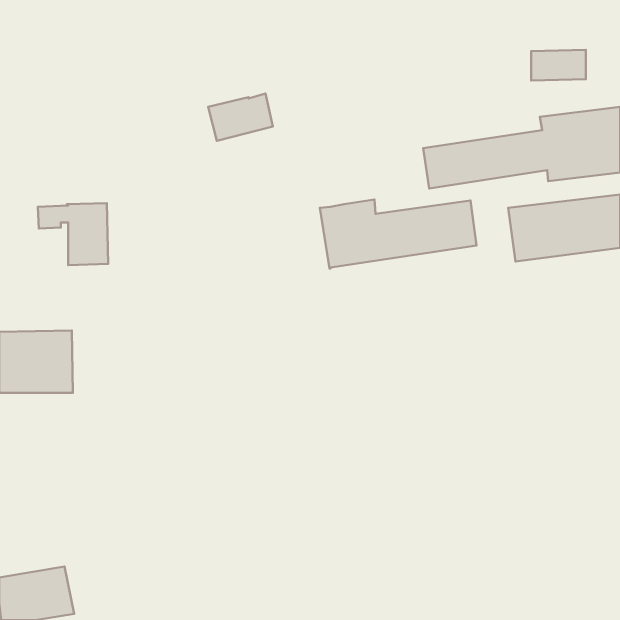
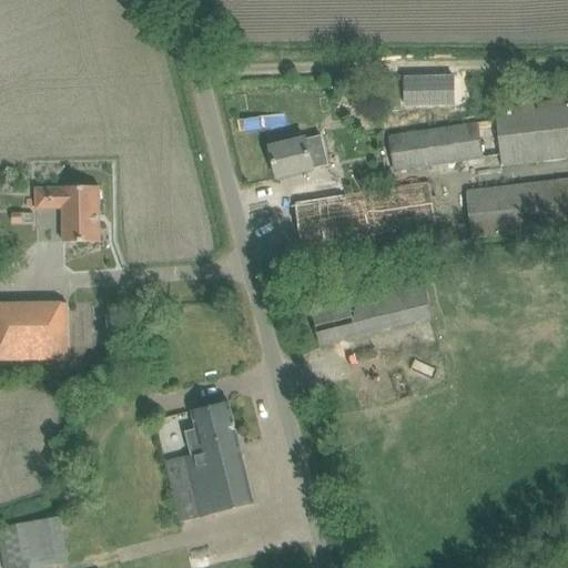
building: [531,50,586,80] -> [404,75,454,103]
building: [208,94,273,141] -> [268,134,327,178]
building: none -> [307,265,432,345]
building: none -> [163,402,253,523]

